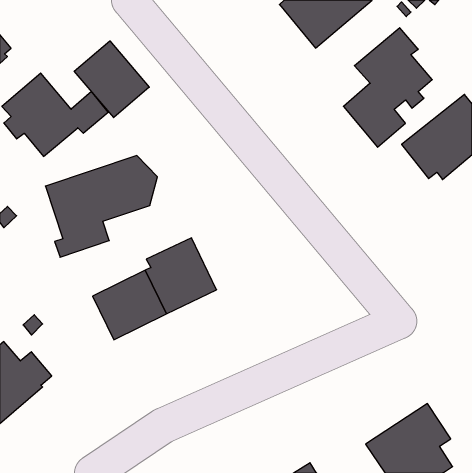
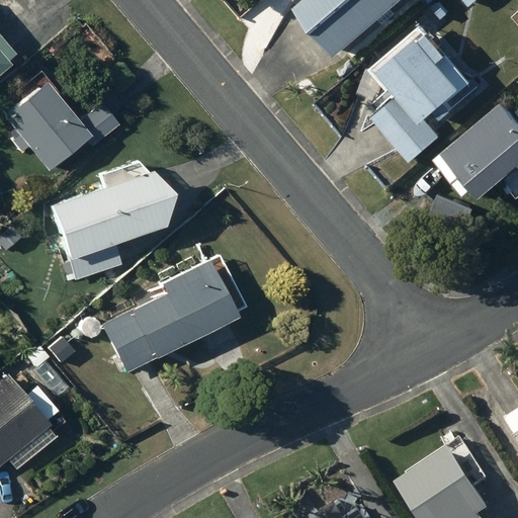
building: [74,41,149,118] -> none

